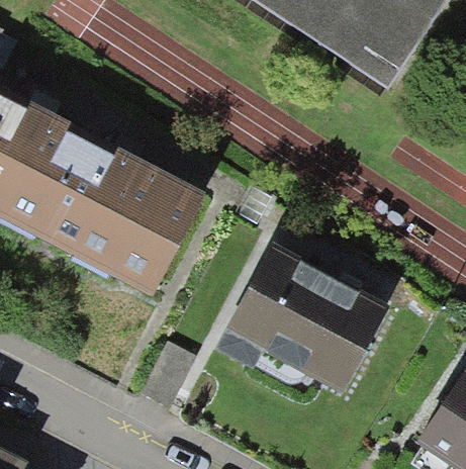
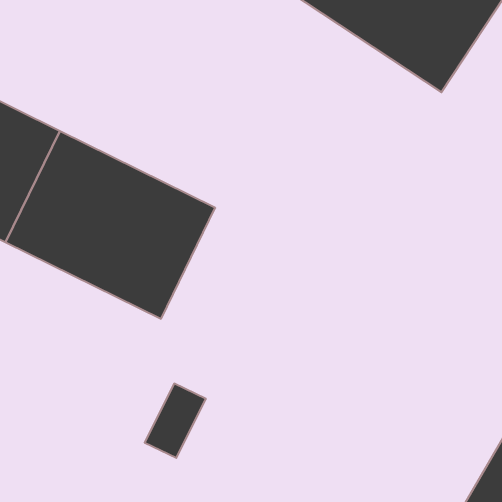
building: [222,243,382,390] -> none

